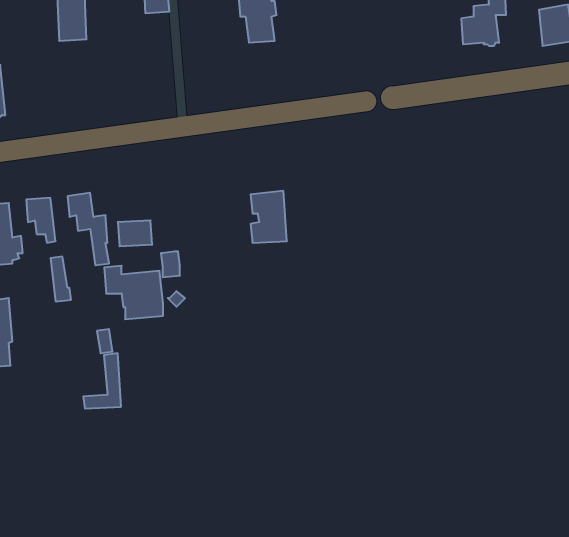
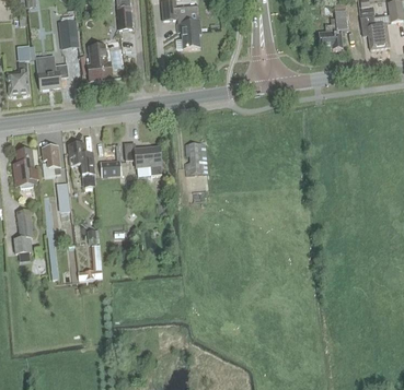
building: none -> [86,43,112,79]
building: none -> [36,59,68,87]
building: [104,266,163,319] -> [124,141,161,175]

